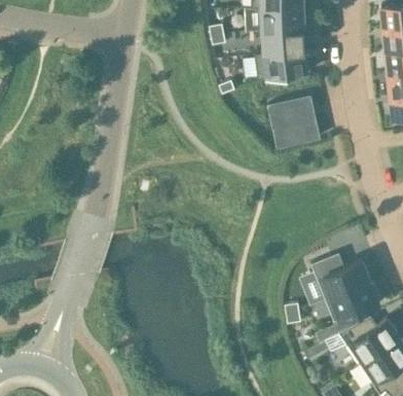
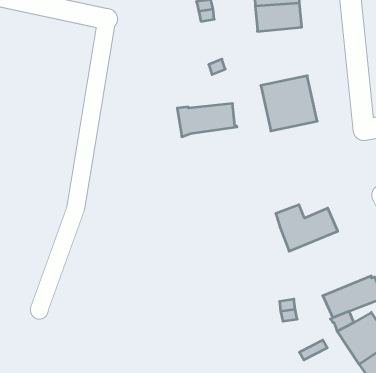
building: [253,49,308,80] -> [177,104,237,137]
building: [312,256,369,299] -> [276,205,338,251]

